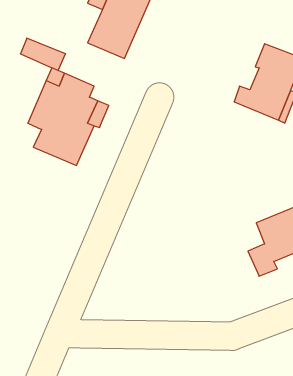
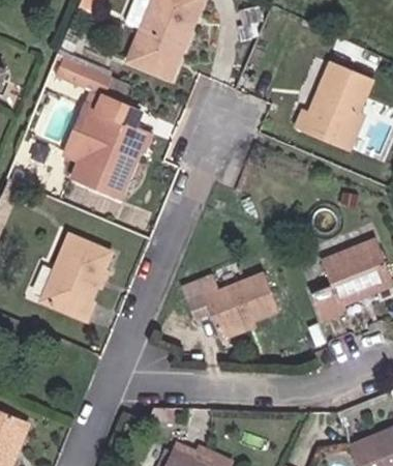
building: none -> [39,234,109,319]
building: none -> [180,272,277,332]

